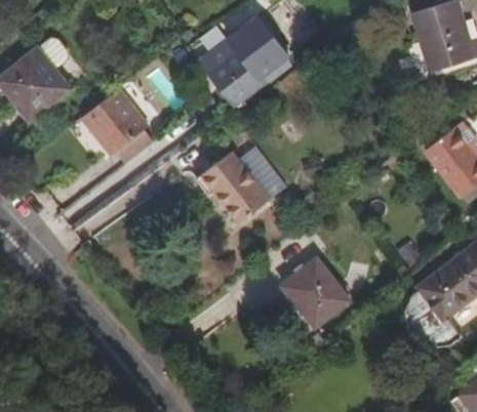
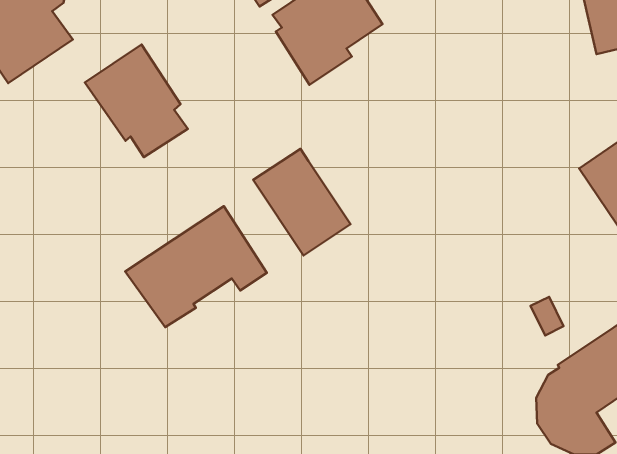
building: [238,147,286,201] -> none
building: none -> [125,206,267,327]
building: [281,258,351,329] -> none

